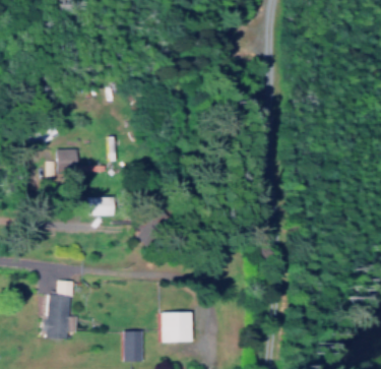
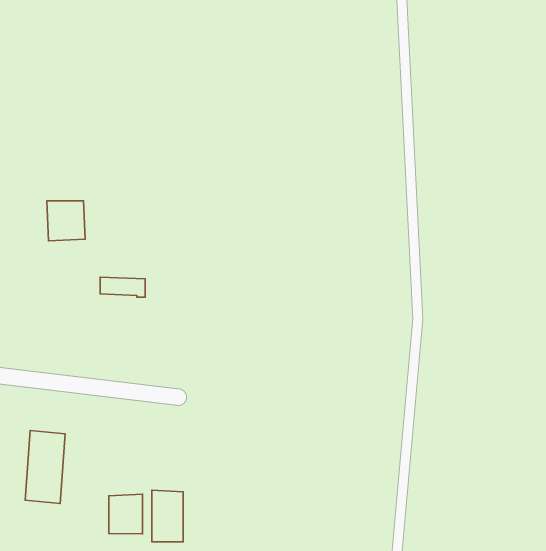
building: [157,311,188,341] -> none
building: none -> [109,494,142,534]

